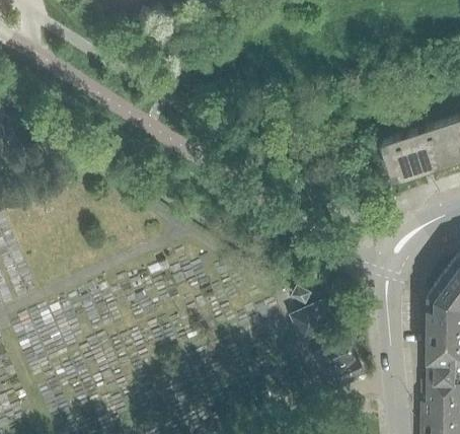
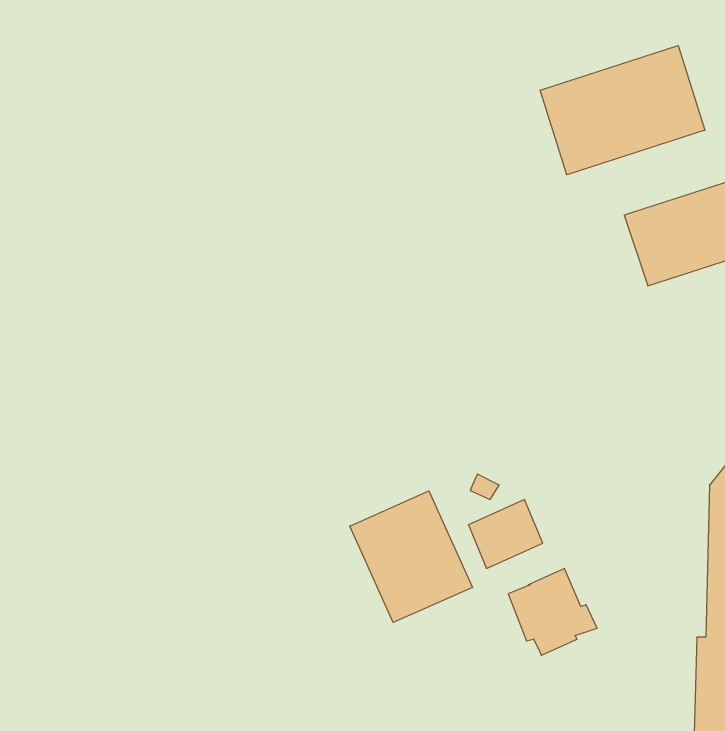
building: none -> [540,46,705,175]
building: none -> [350,491,473,622]

